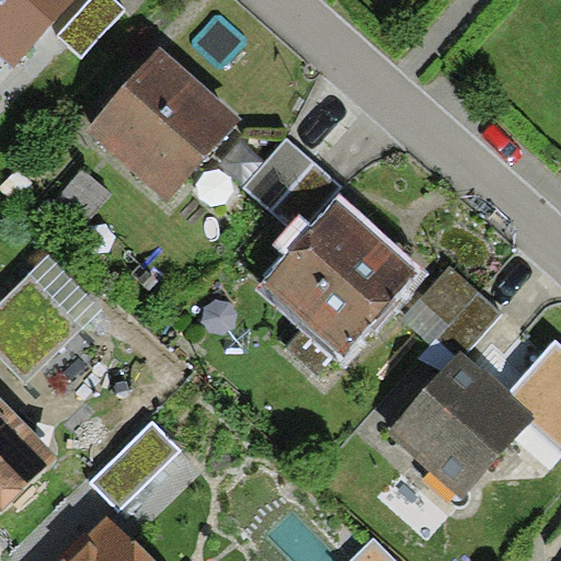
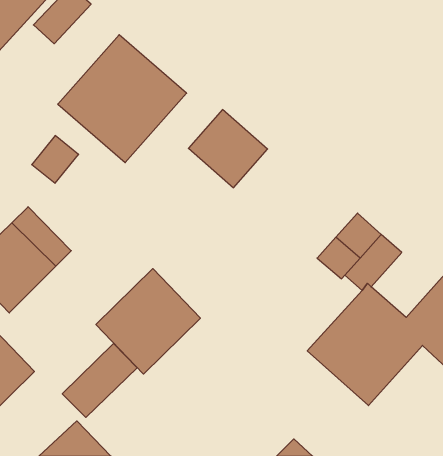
building: [255,197,415,358] -> none
building: none -> [96,269,200,374]

